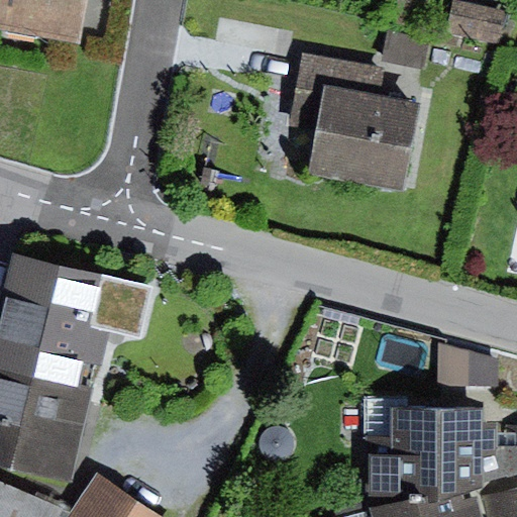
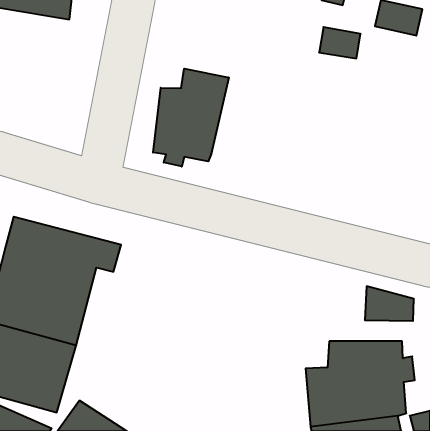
building: [286,54,426,192] -> none
building: none -> [153,69,229,167]

